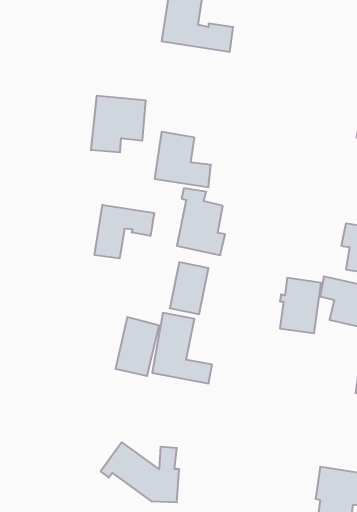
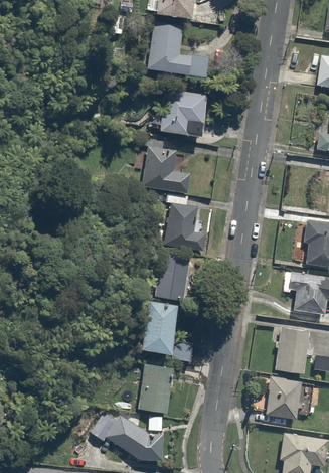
building: [91,96,146,152] -> [159,86,206,134]
building: [95,205,154,258] -> none
building: [280,278,321,333] -> [277,326,312,373]
building: [116,317,159,376] -> [138,365,175,416]
building: none -> [264,375,302,419]

